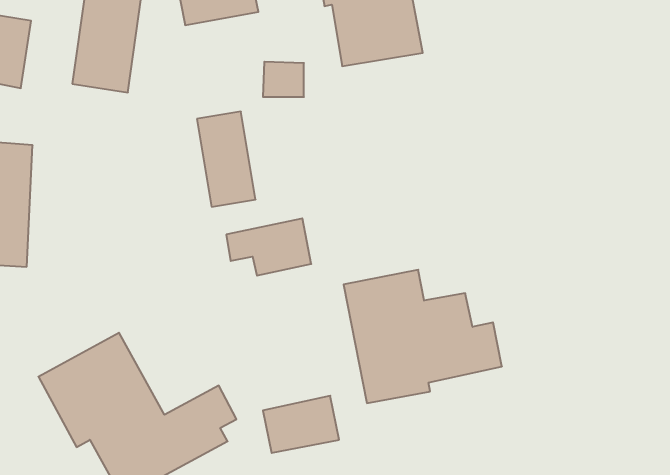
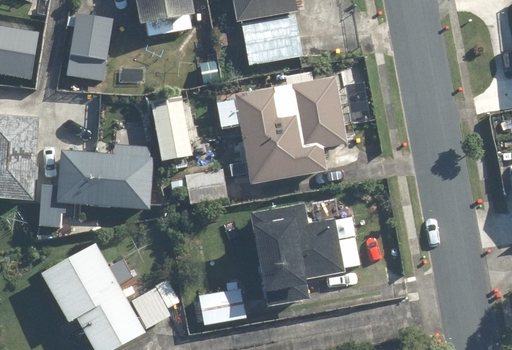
building: none -> [235,76,348,183]
building: none -> [37,145,152,237]

